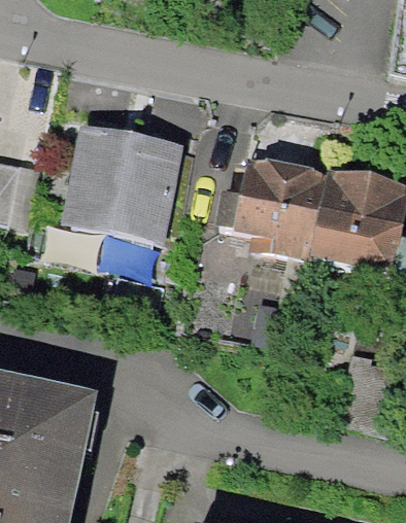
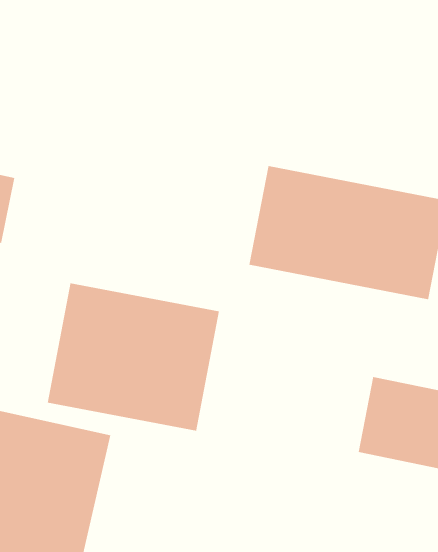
building: [58,125,177,241] -> none
building: none -> [47,283,219,432]

